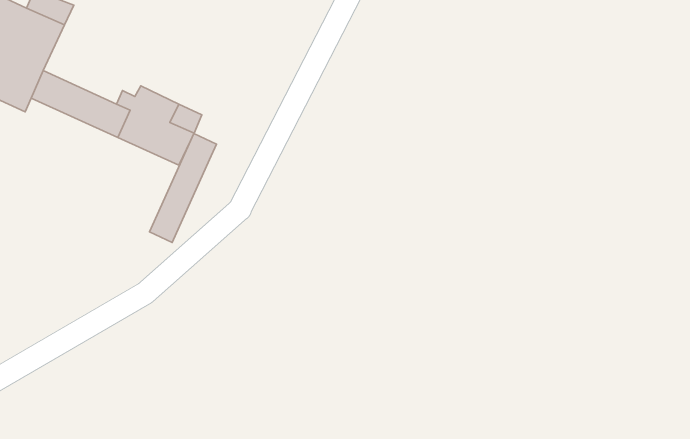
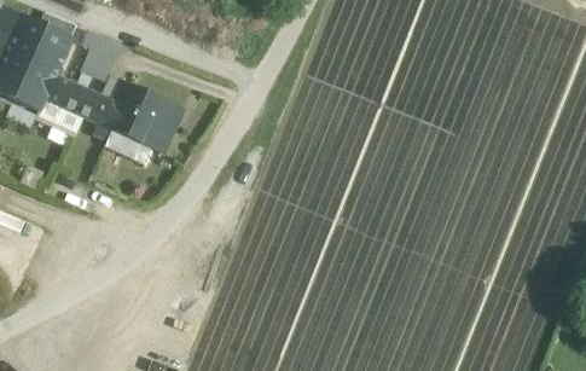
building: [150,134,217,243] -> none

